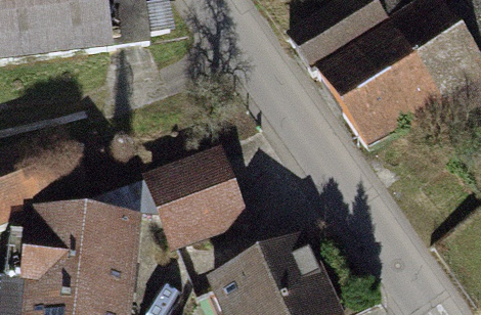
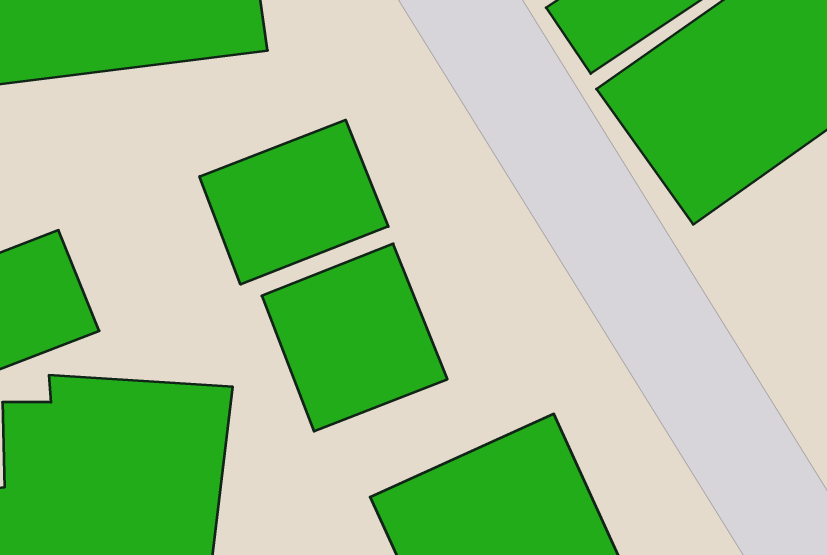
building: none -> [200,120,388,284]

